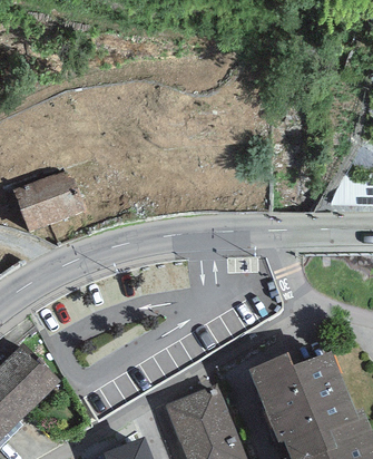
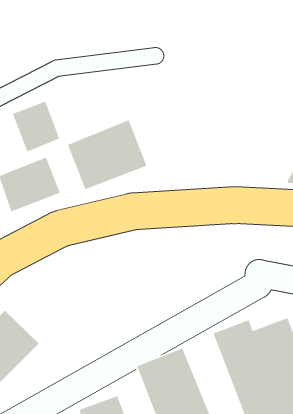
building: none -> [12,100,60,153]
building: none -> [67,119,148,190]

